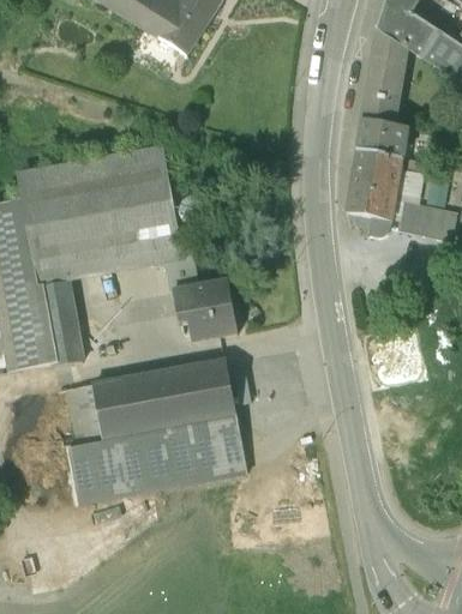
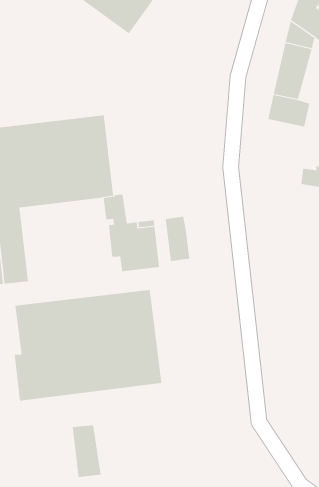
building: [346,146,402,233] -> none
building: none -> [165,216,190,262]
building: none -> [72,424,101,478]

